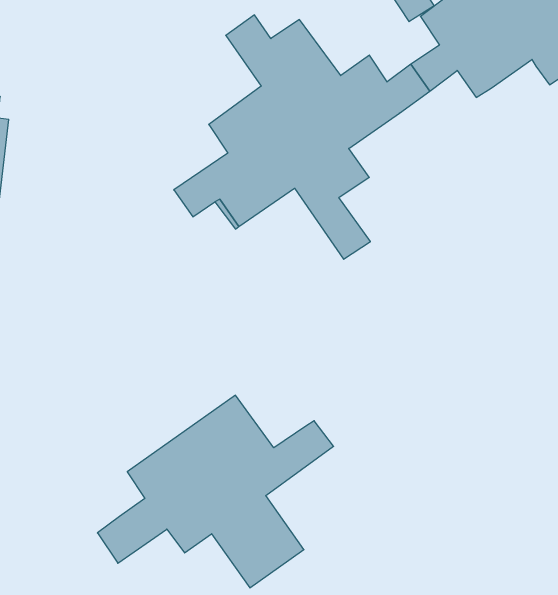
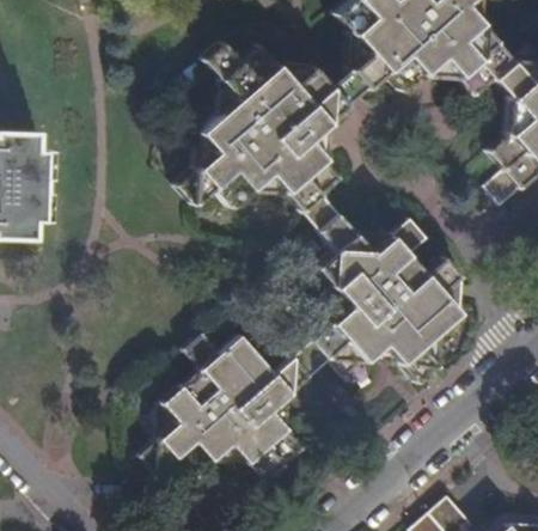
building: none -> [305,208,464,383]

